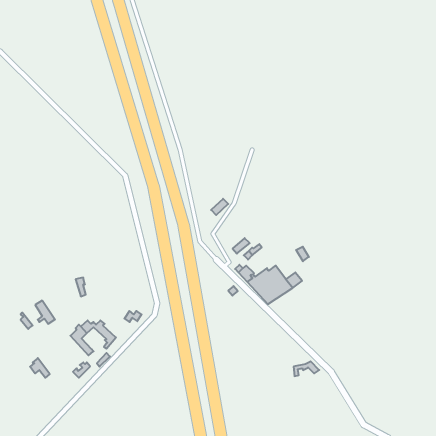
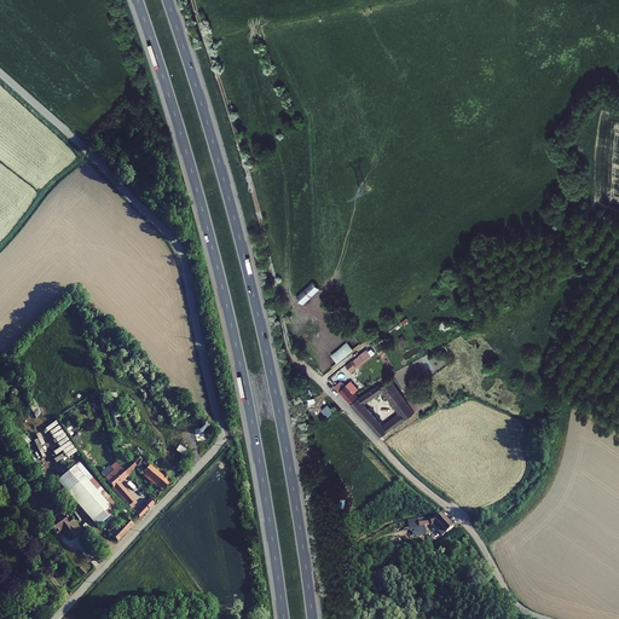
building: none -> [54,462,116,527]

